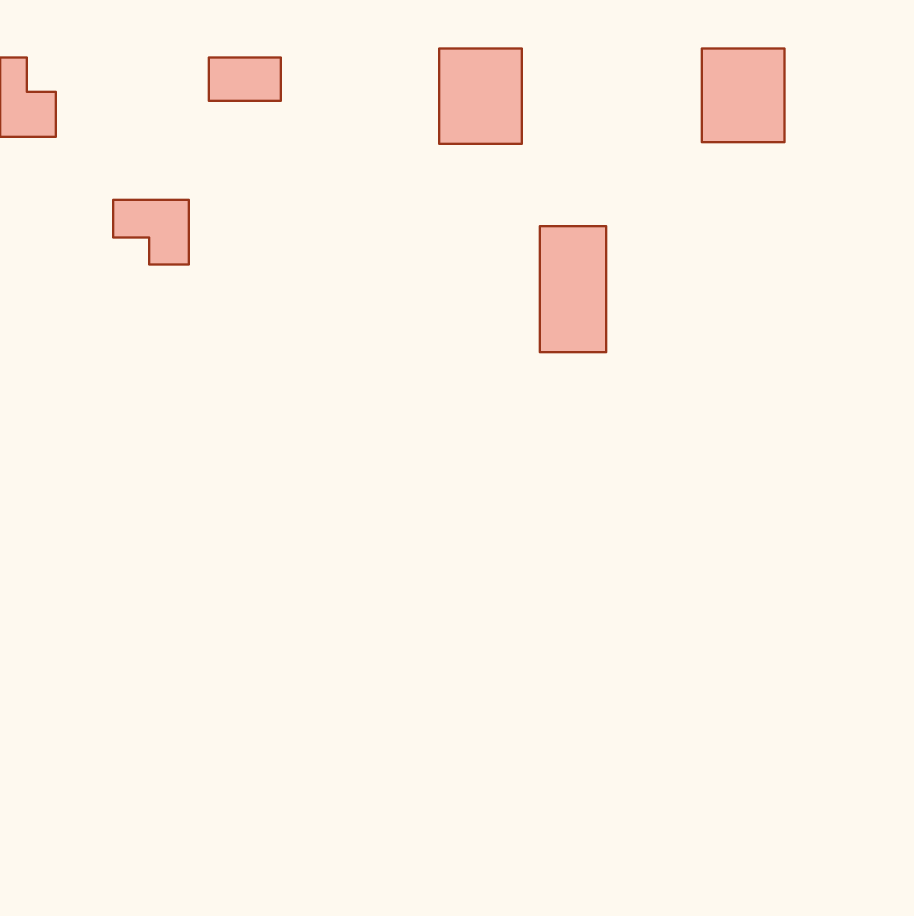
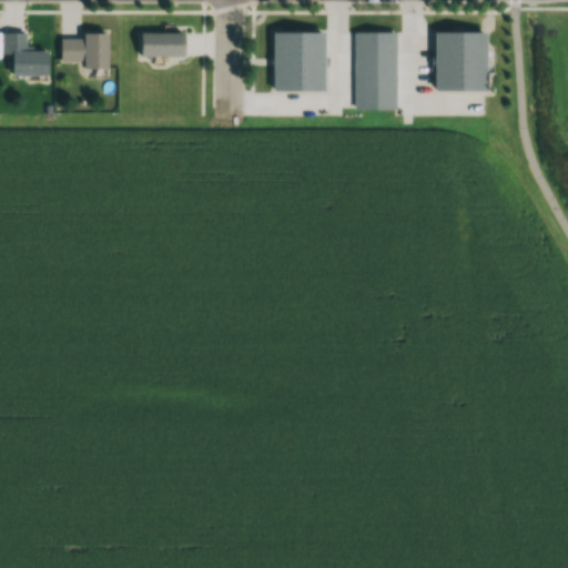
building: [113,200,189,265] -> [53,38,100,78]
building: [540,226,606,352] -> [357,30,398,108]

